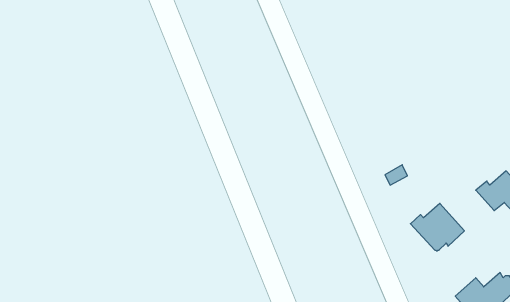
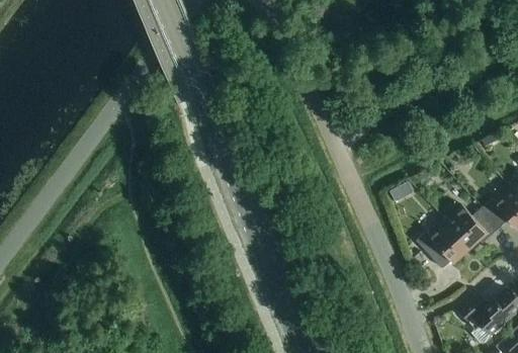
building: none -> [446,204,500,247]

